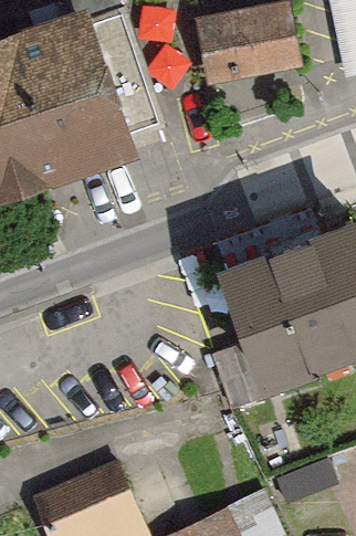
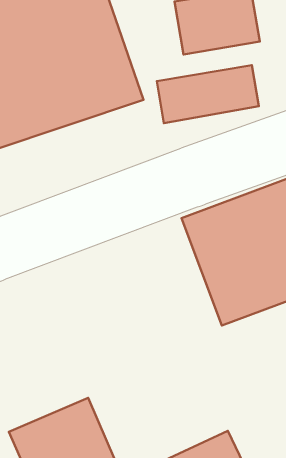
building: none -> [157,65,259,123]

